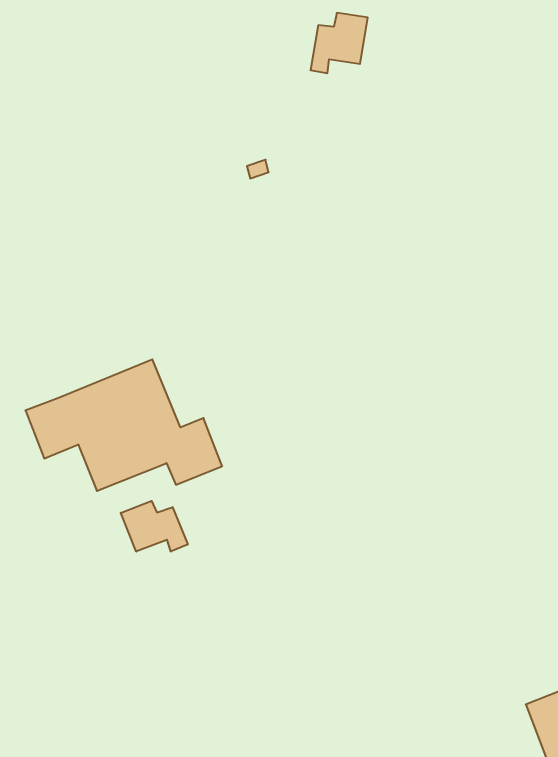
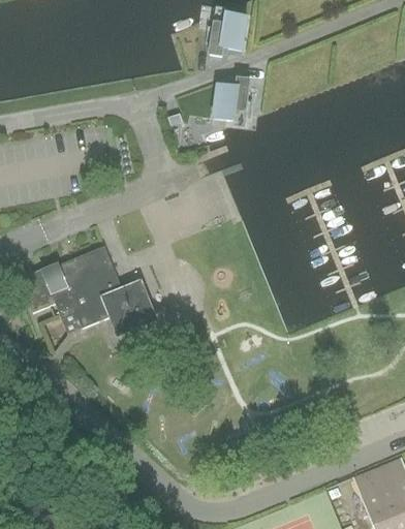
building: none -> [213,80,249,120]
building: [121,501,188,552] -> none

